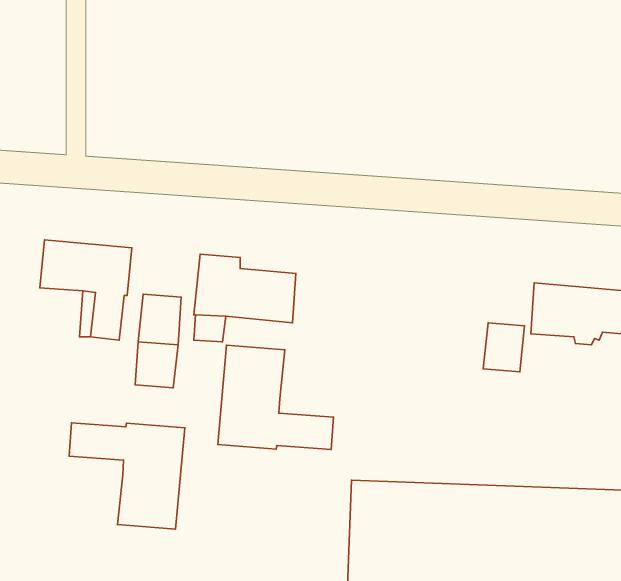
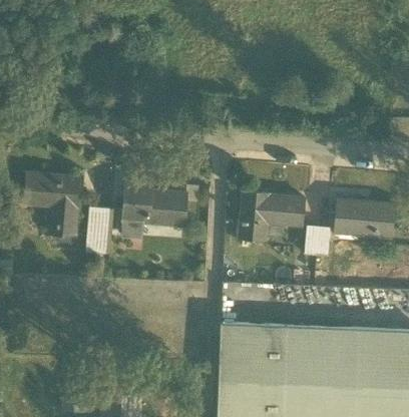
building: none -> [242,190,307,239]
building: [218,345,333,450] -> none
building: [69,423,185,529] -> none

